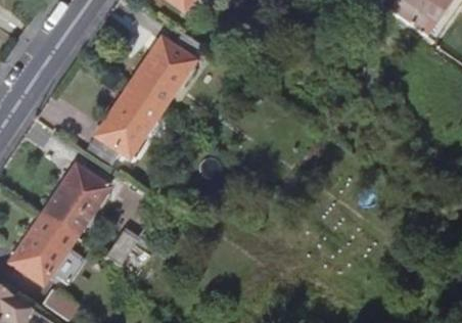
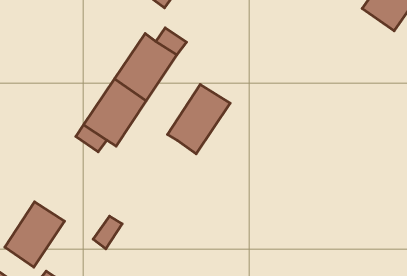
building: none -> [167,84,230,154]
building: [43,168,106,237] -> none

